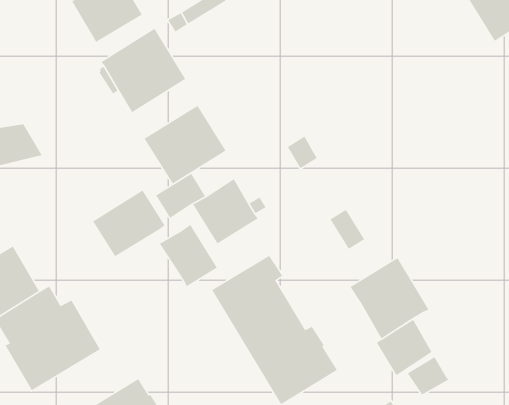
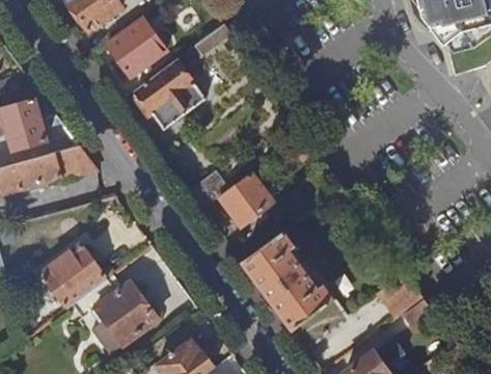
building: [144,105,226,185] -> none
building: [92,189,166,257] -> none
building: [159,224,218,287] -> none
building: [350,257,430,339] -> none

